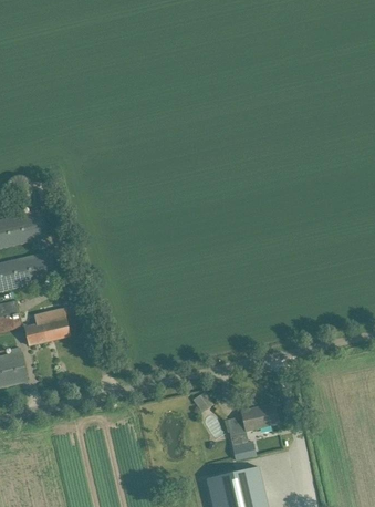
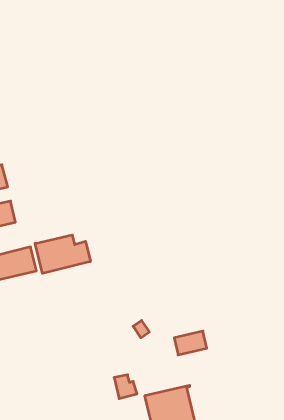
building: none -> [35,235,90,273]
building: [229,433,256,461] -> [114,375,137,399]

